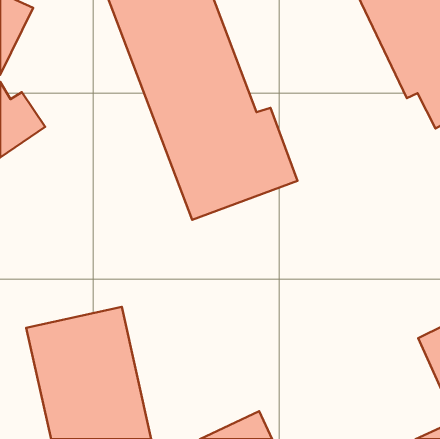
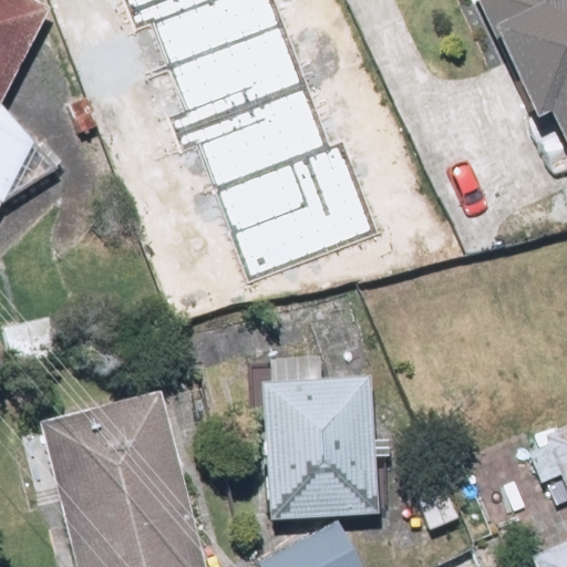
building: none -> [258,361,388,518]

